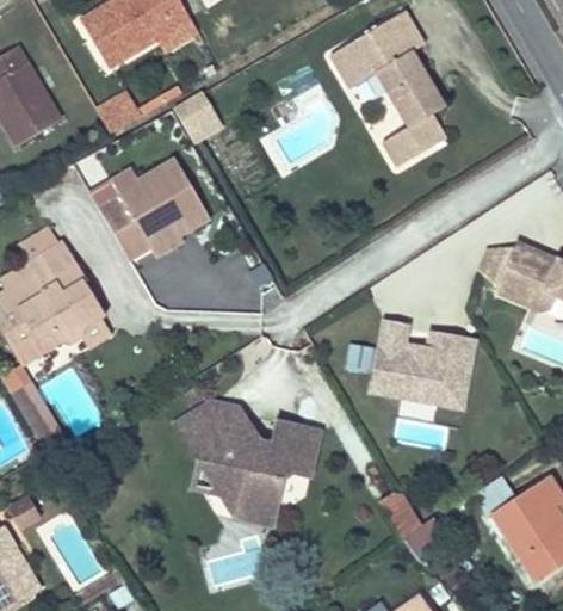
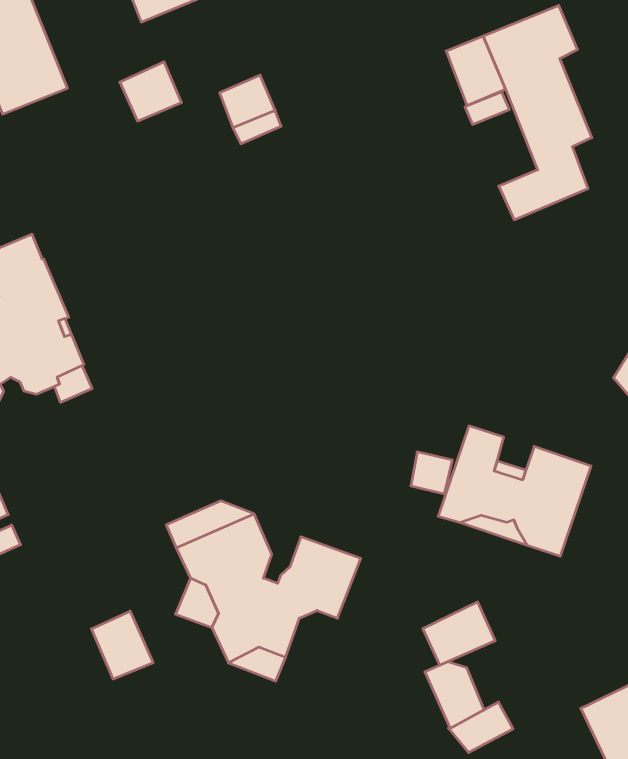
building: [97,156,208,258] -> none
building: none -> [423,602,495,665]
building: none -> [91,611,153,679]

